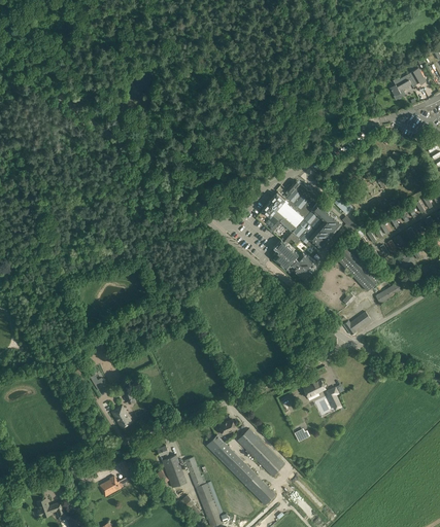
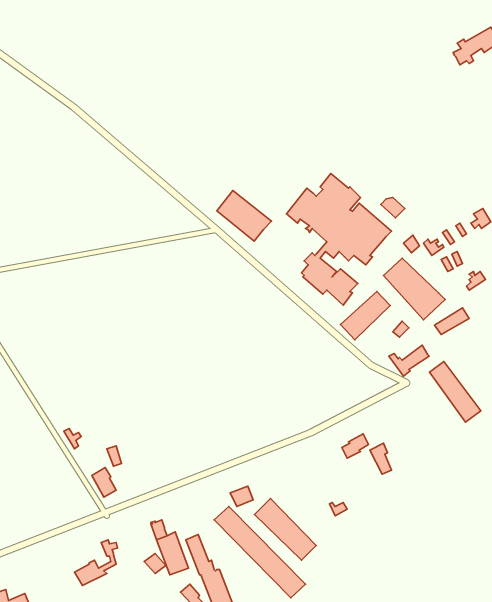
building: none -> [217,190,272,241]
building: none -> [340,291,390,340]
building: none -> [430,362,481,422]

